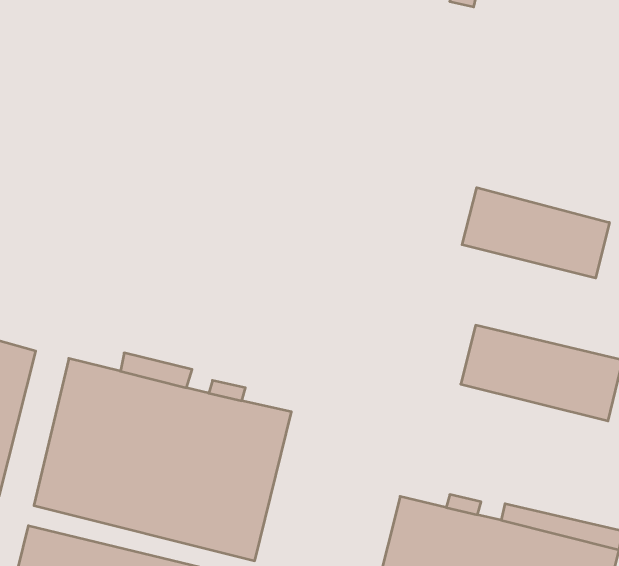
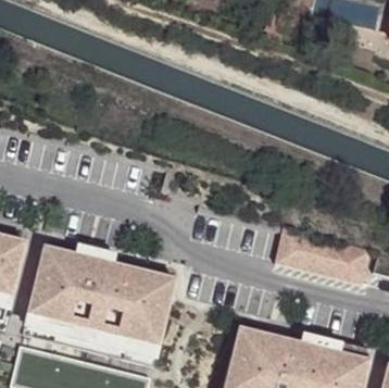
building: [462,188,609,278] -> none

